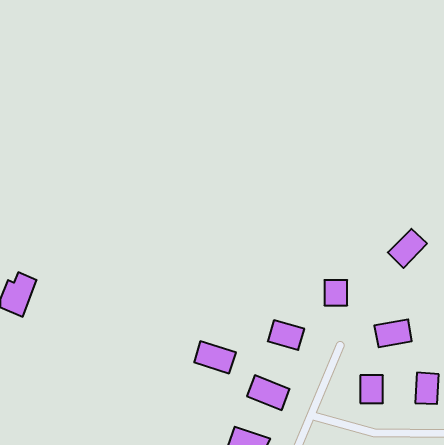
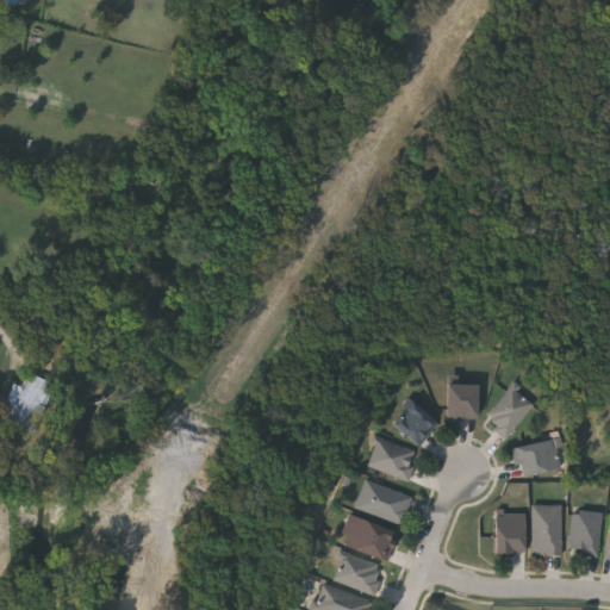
building: [388,229,427,268] -> [483,385,536,438]
building: none -> [391,399,437,444]
building: [194,341,236,373] -> [355,479,412,523]
building: none -> [533,505,562,554]
building: none -> [331,552,385,595]

